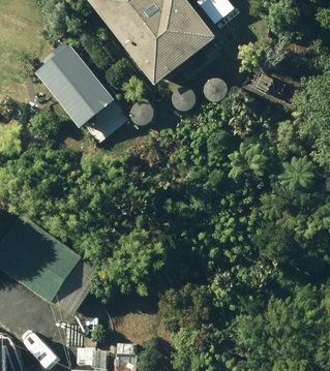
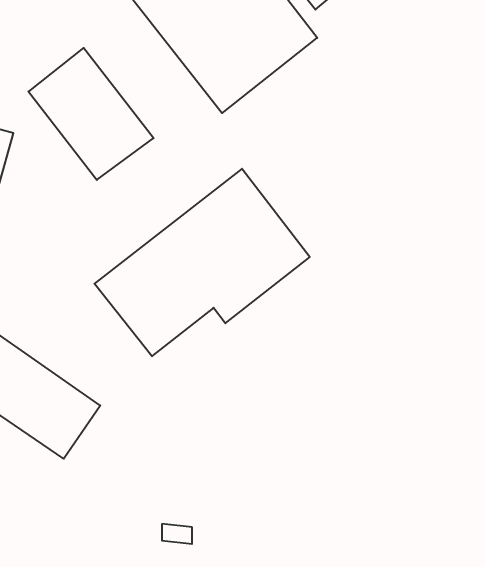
building: none -> [94,169,310,356]

